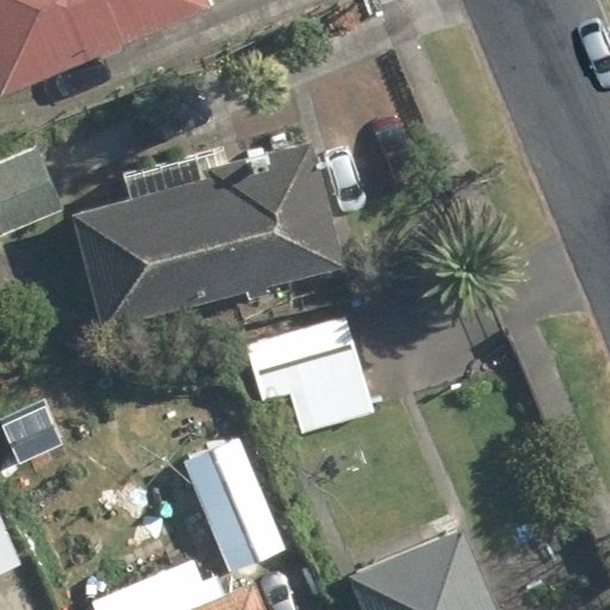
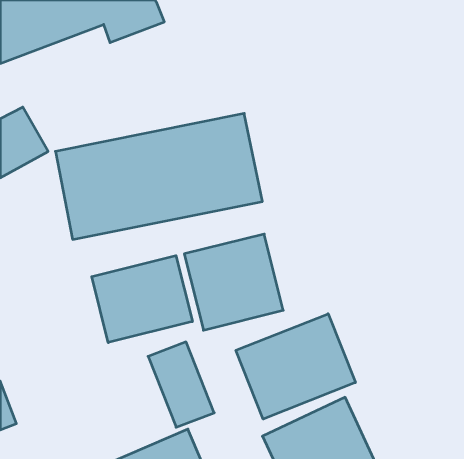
building: none -> [92,256,192,343]
building: none -> [236,314,355,419]

